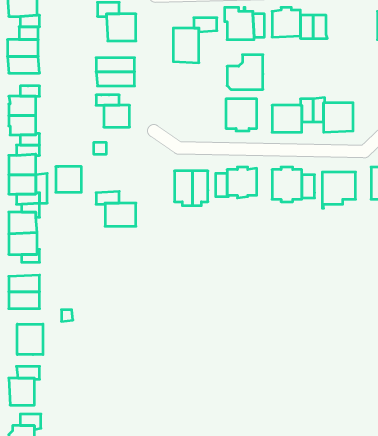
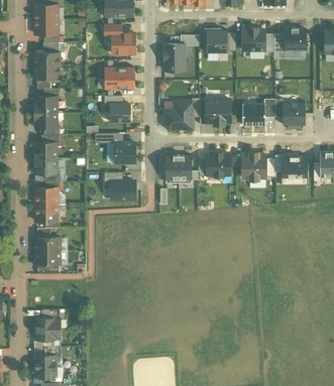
building: none -> [285,27,306,50]
building: [227,55,263,89] -> [164,101,193,128]
building: [56,167,81,192] -> [115,142,135,162]
building: [17,324,43,355] -> none

